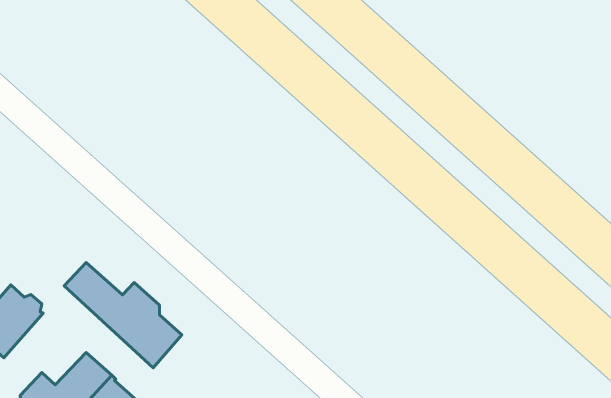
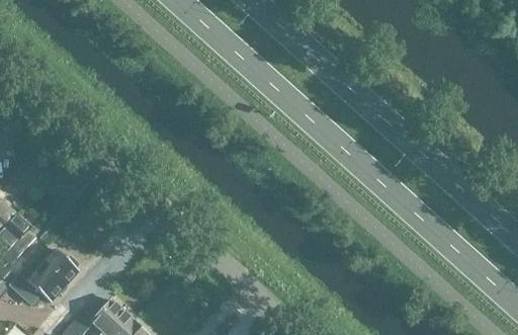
building: [64,263,182,368] -> none

